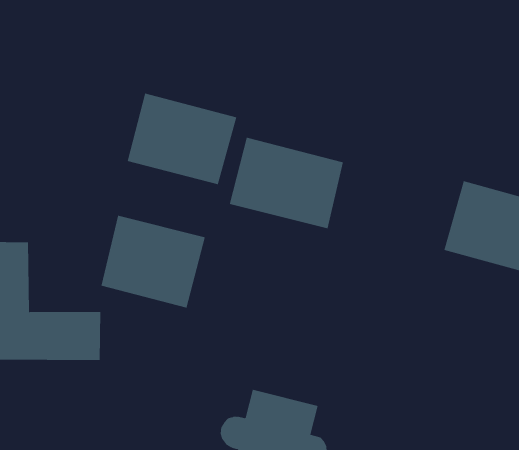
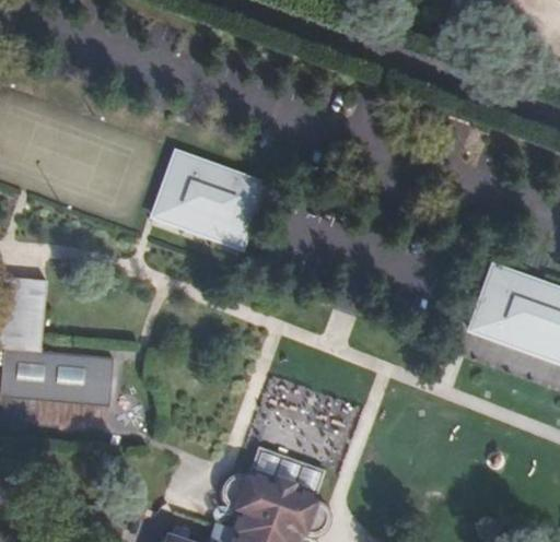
building: [229,137,344,229] -> none
building: [101,215,205,308] -> none

